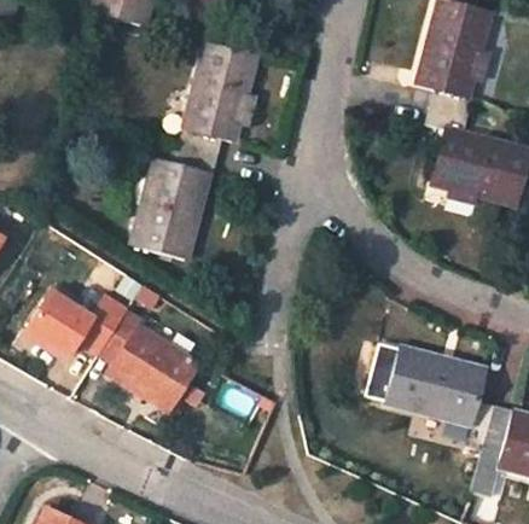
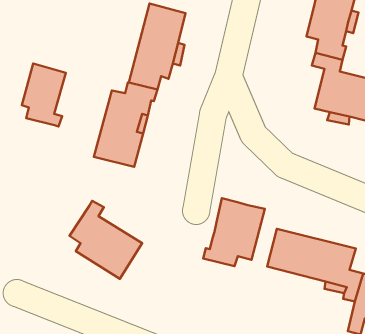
building: none -> [22,64,66,127]
building: [25,292,126,356] -> none
building: none -> [203,198,265,266]

